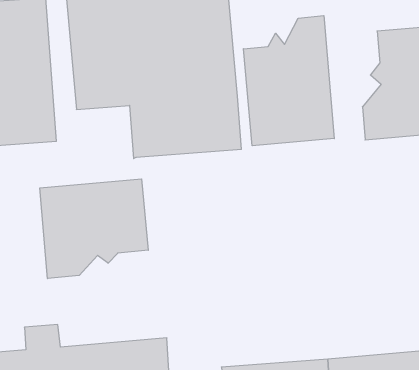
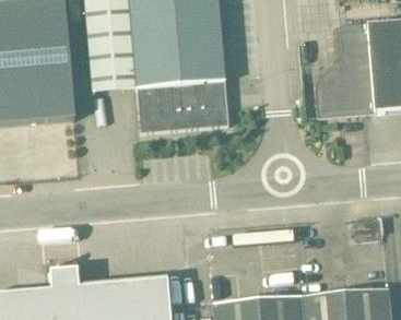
building: [243,16,334,146] -> none
building: [40,179,148,279] -> none

